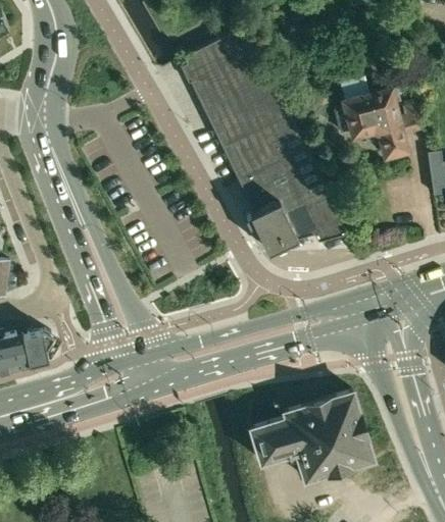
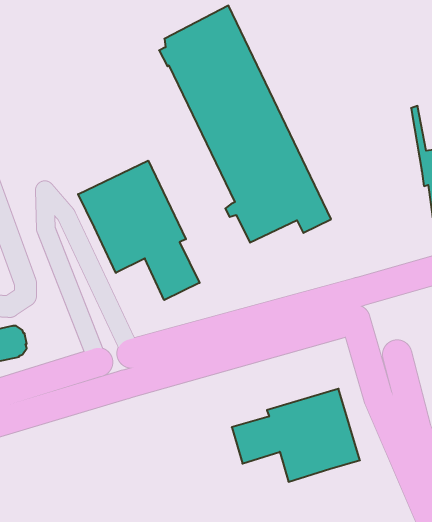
building: [335,77,423,156] -> none
building: none -> [78,161,200,300]

